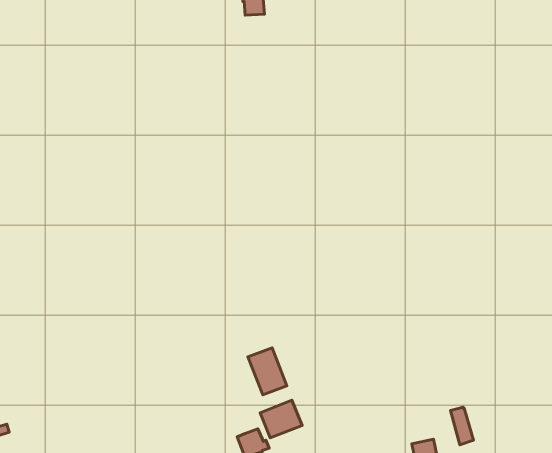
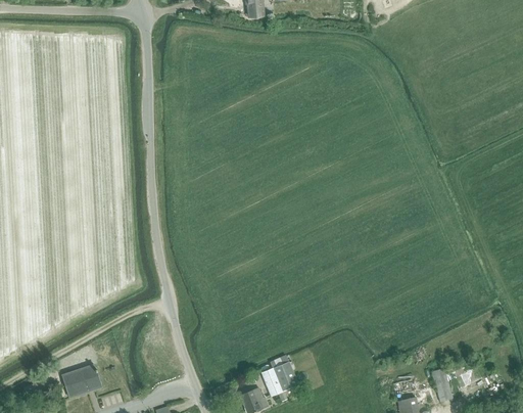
building: [248,348,287,395] -> none
building: none -> [61,363,102,399]

